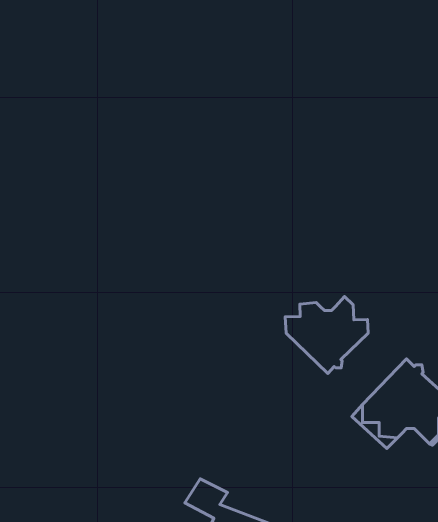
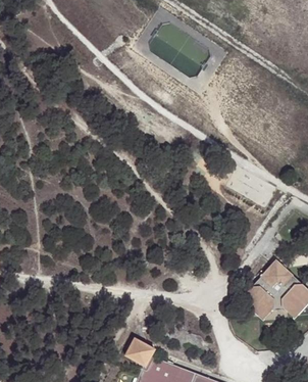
building: [285,297,368,373] -> none

